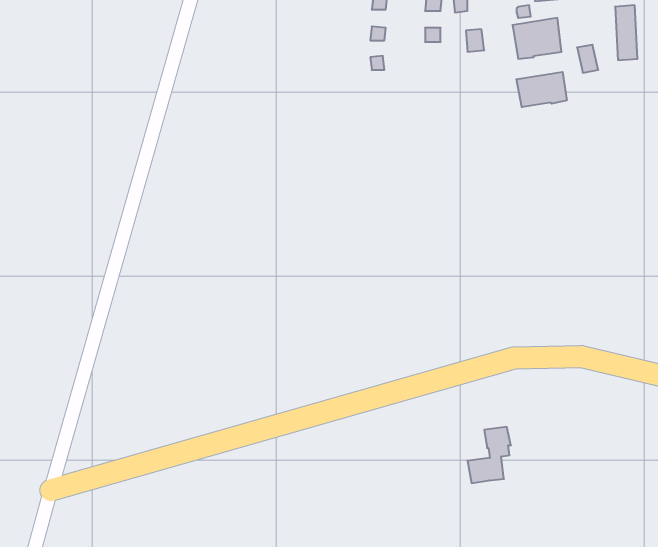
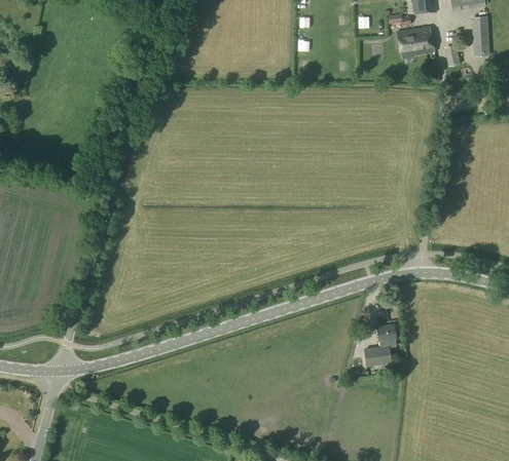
building: [517,72,567,107] -> none

